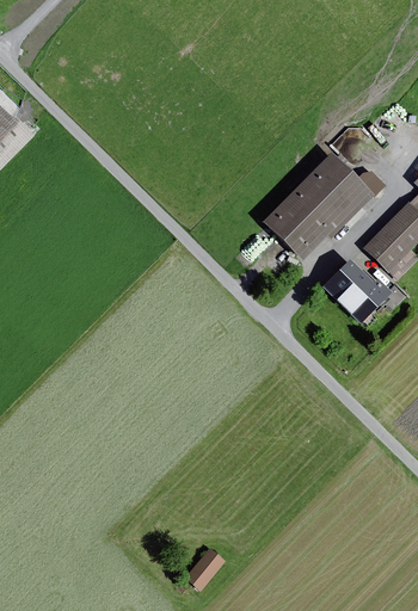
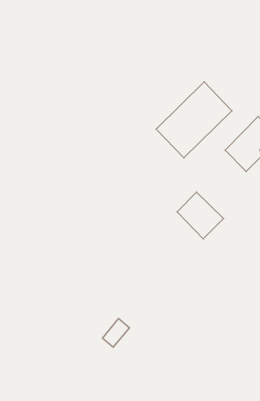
building: [325,258,391,323] -> [177,192,224,239]
building: [185,548,223,588] -> [102,319,129,347]

